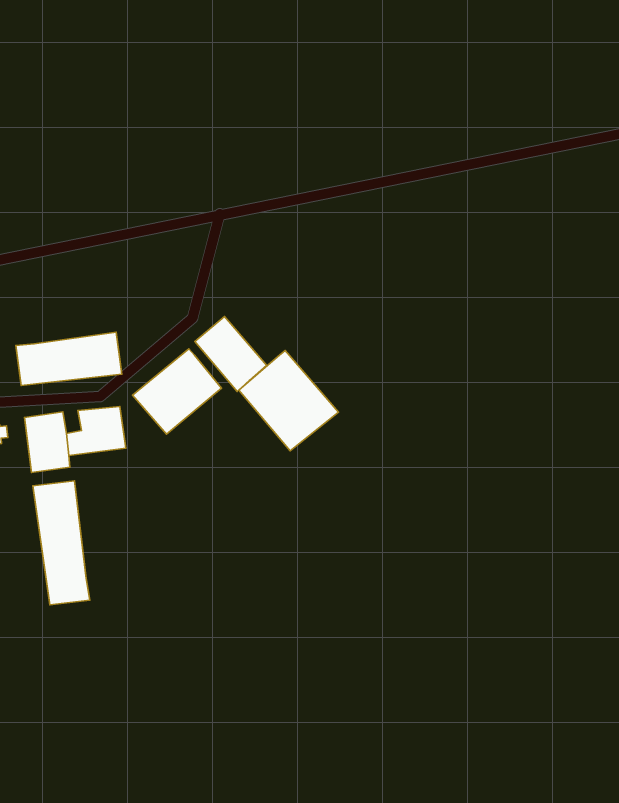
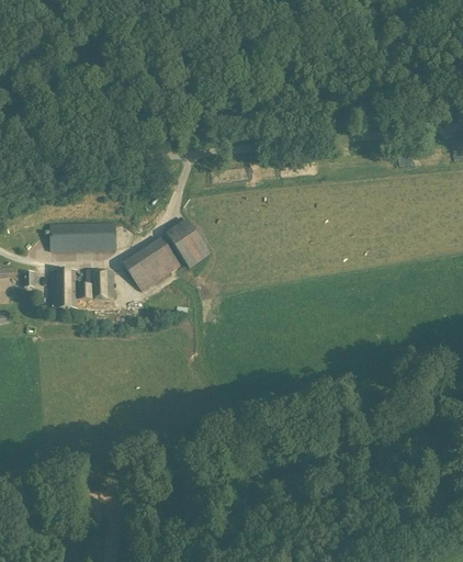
building: [239,351,339,451] -> none
building: [33,481,90,605] -> none

